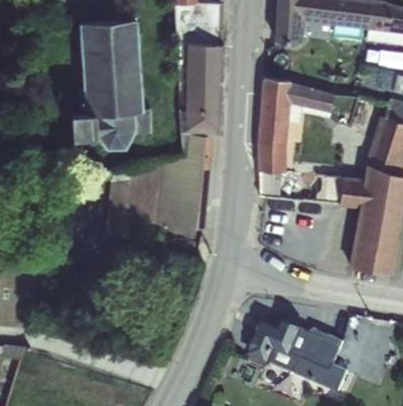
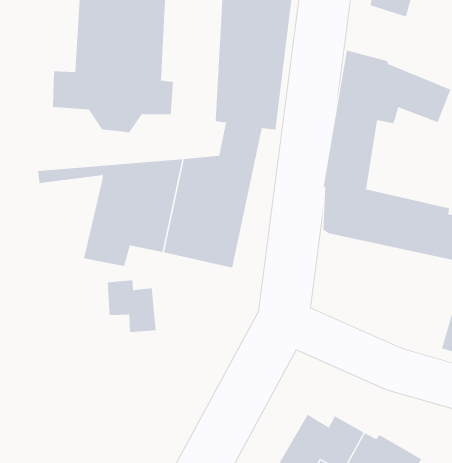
building: none -> [107,280,156,333]

